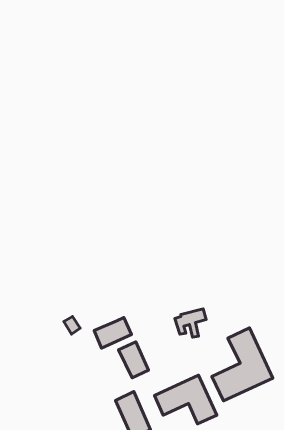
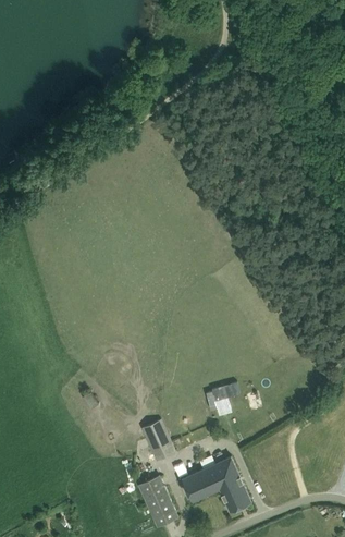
building: [94,318,132,348] -> none
building: [212,328,273,401] -> none

